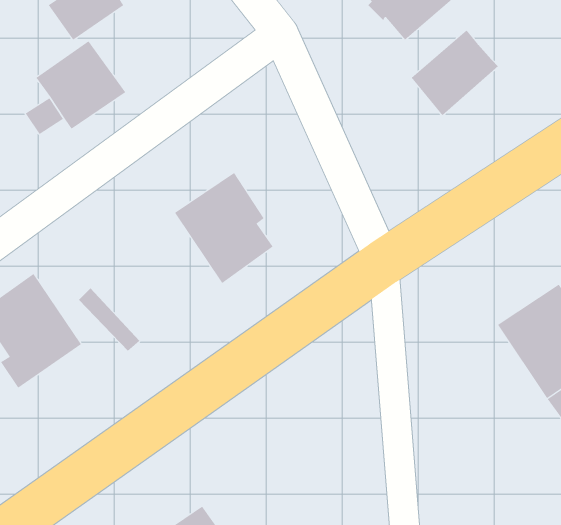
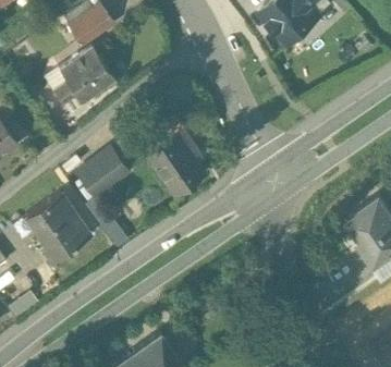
building: [411,30,499,116] -> none
building: none -> [78,149,127,197]

